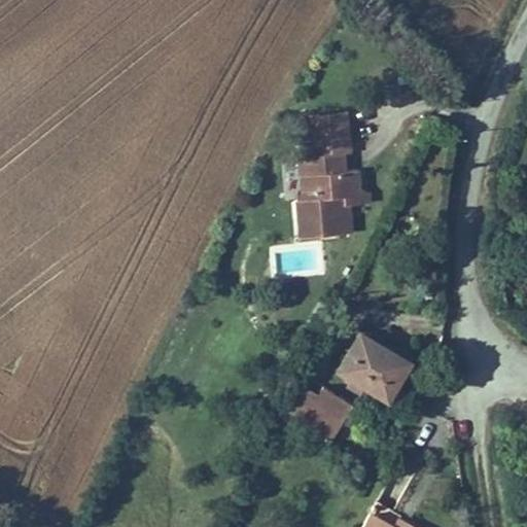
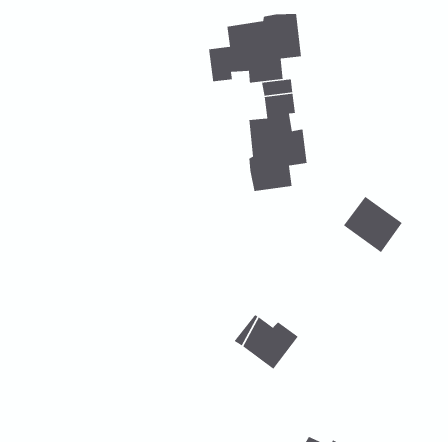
building: none -> [208,13,302,84]
building: [344,332,413,398] -> [343,196,403,253]

